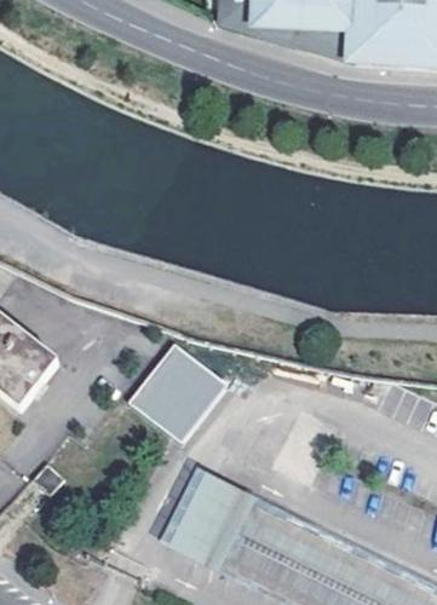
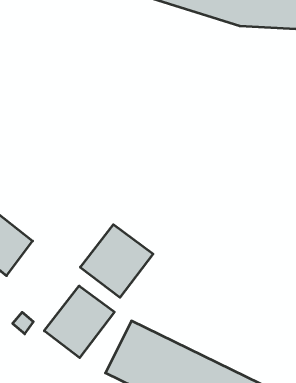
building: none -> [44,286,114,358]

